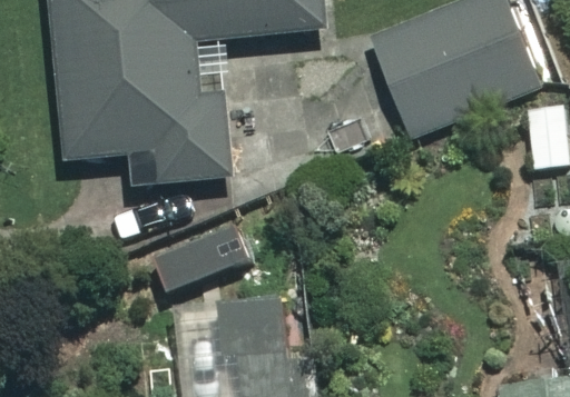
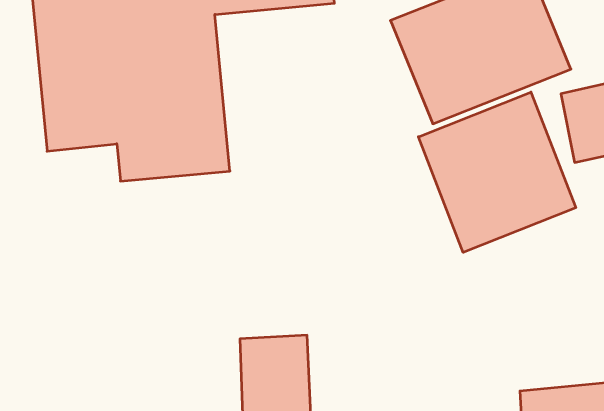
building: none -> [418,92,576,252]

